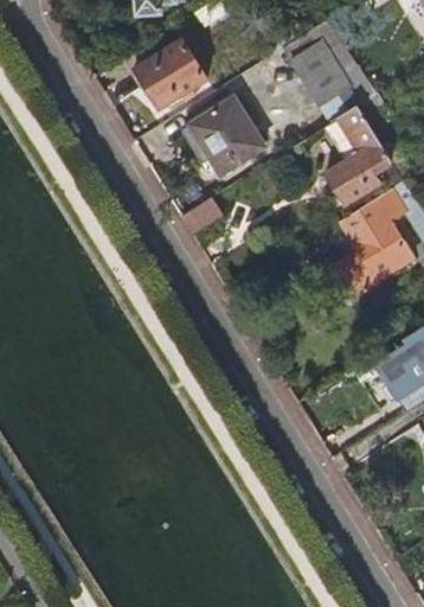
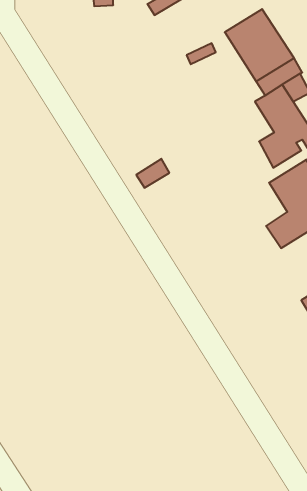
building: [137,37,208,104] -> none
building: [184,96,262,172] -> none

